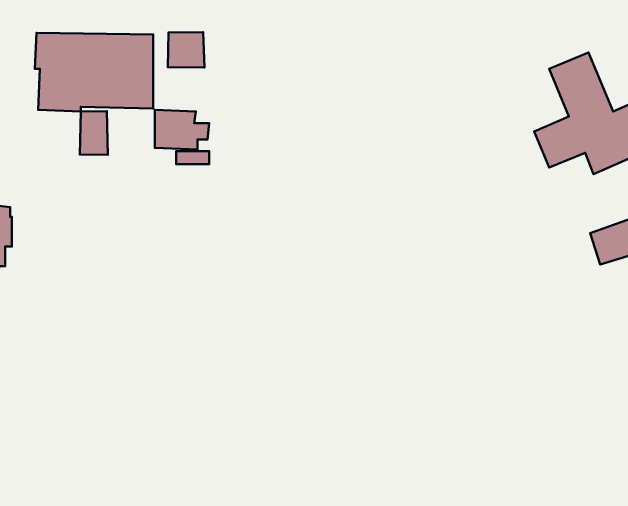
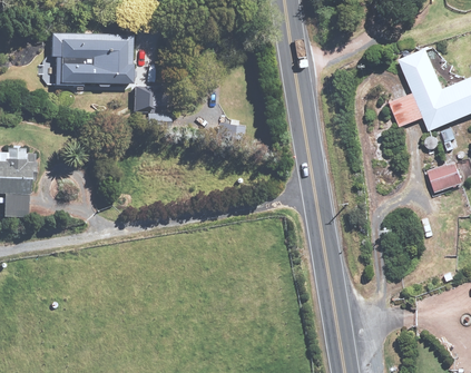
building: [168,32,205,68] -> none
building: [80,111,108,155] -> none

